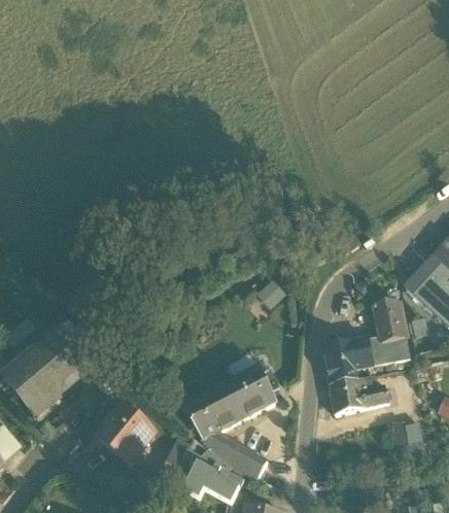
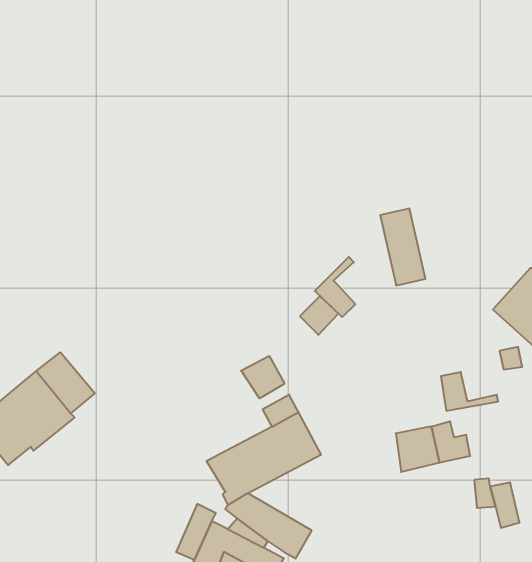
building: none -> [315,257,355,317]
building: [374,299,409,358] -> [380,208,425,286]
building: none -> [241,356,284,398]
building: [324,339,370,383] -> none
building: [99,409,153,464] -> none

